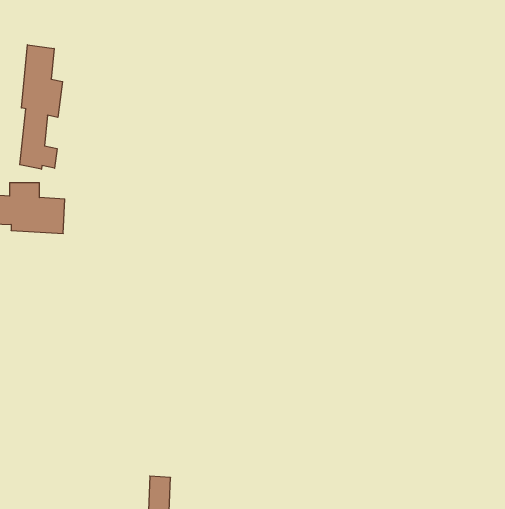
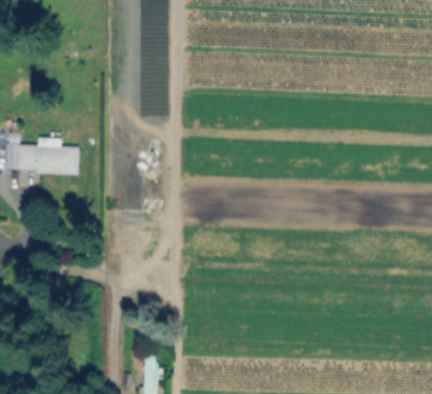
building: [20,45,63,169] -> none

